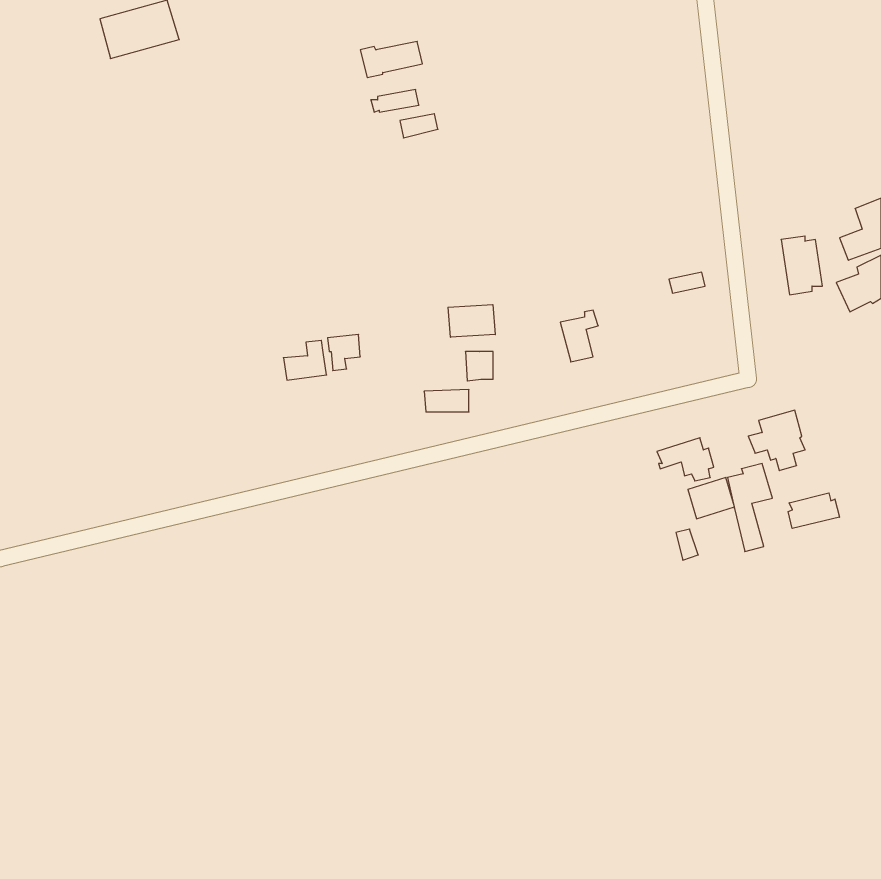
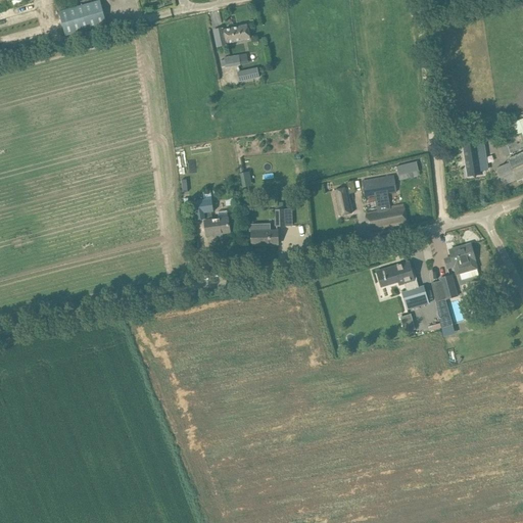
building: none -> [362,175,407,230]
building: [448,305,495,337] -> none
building: [283,340,327,380] -> [204,210,230,234]
building: [788,493,839,528] -> none

